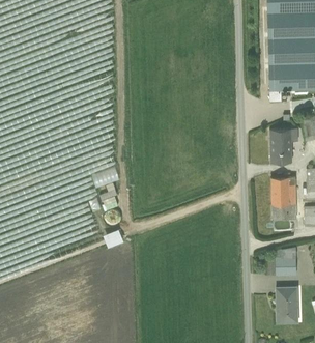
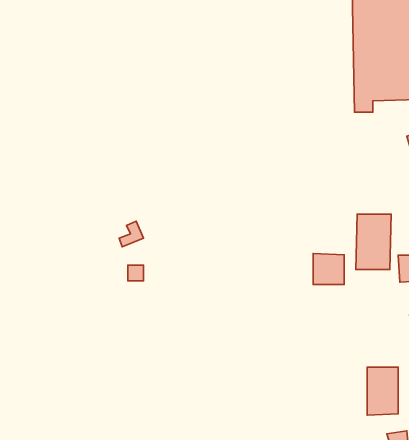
building: [271,133,296,164] -> none
building: [276,247,298,269] -> [313,253,344,285]

